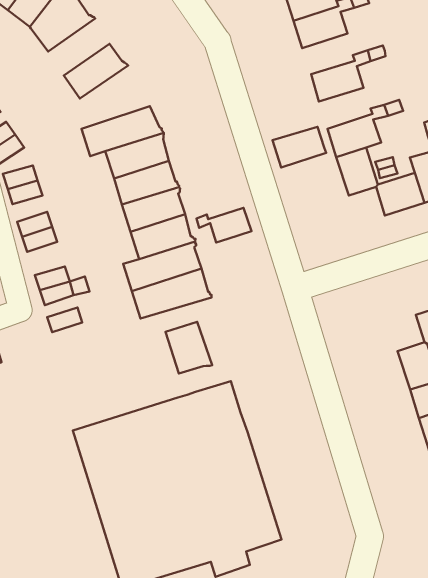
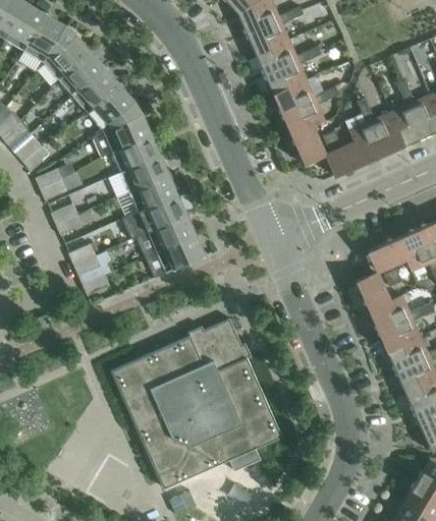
building: none -> [59,50,106,97]
building: none -> [256,40,297,74]
building: none -> [88,83,143,131]
building: [272,127,326,168] -> [273,80,316,115]
building: [196,208,251,243] -> none
building: [165,322,212,374] -> none

